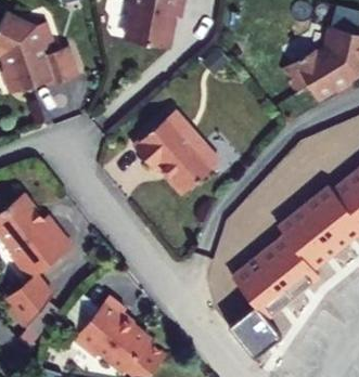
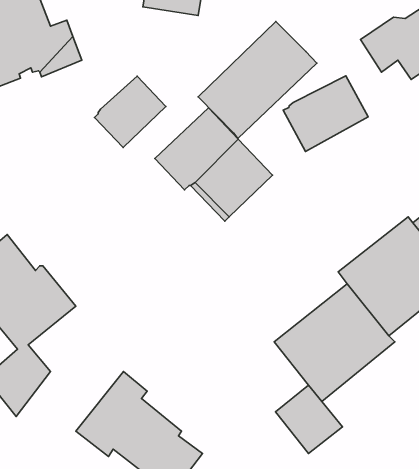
building: none -> [198,22,317,139]
building: none -> [283,76,368,151]
building: none -> [94,76,166,147]

